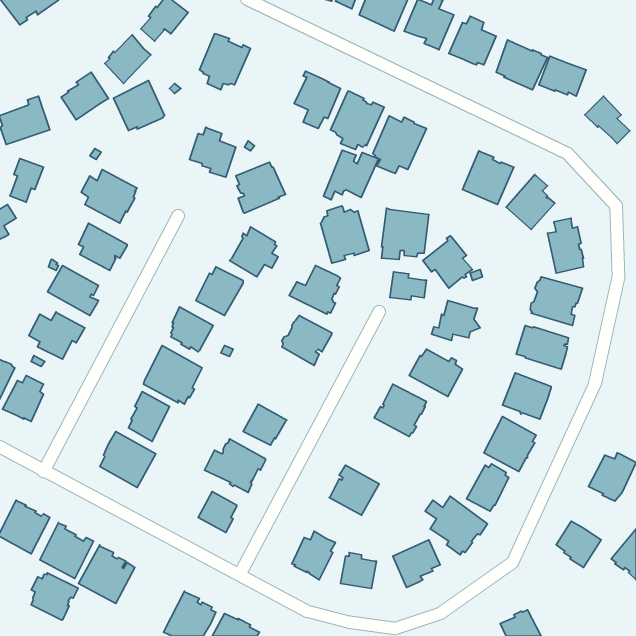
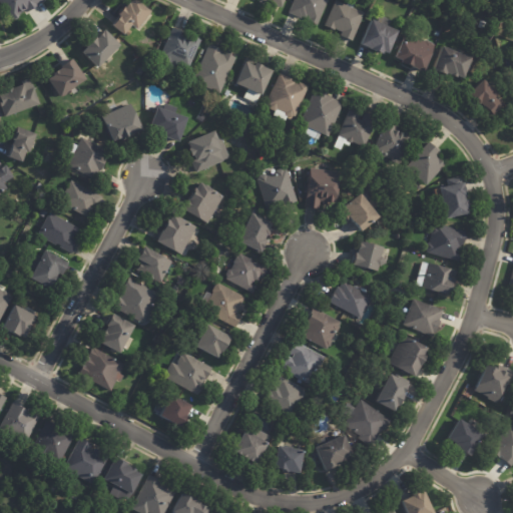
building: none -> [192,43,236,93]
building: [113,81,165,130] -> [102,103,143,143]
building: [324,150,378,200] -> [334,109,378,149]
building: [390,272,427,300] -> none
building: none -> [203,284,247,329]
building: none -> [283,342,327,384]
building: none -> [101,459,143,501]
building: [31,573,78,620] -> none

